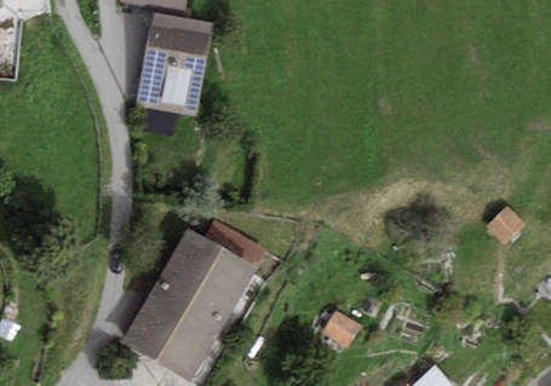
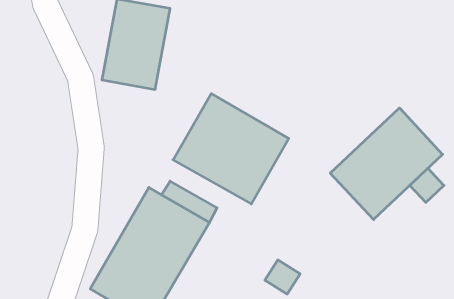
building: none -> [173,94,289,204]
building: none -> [330,108,443,220]

